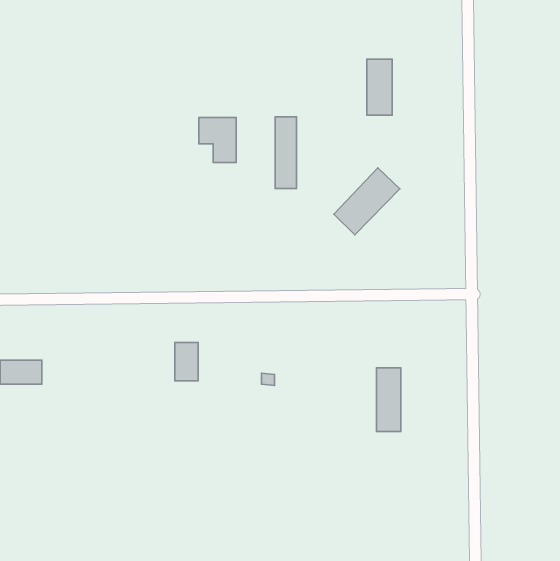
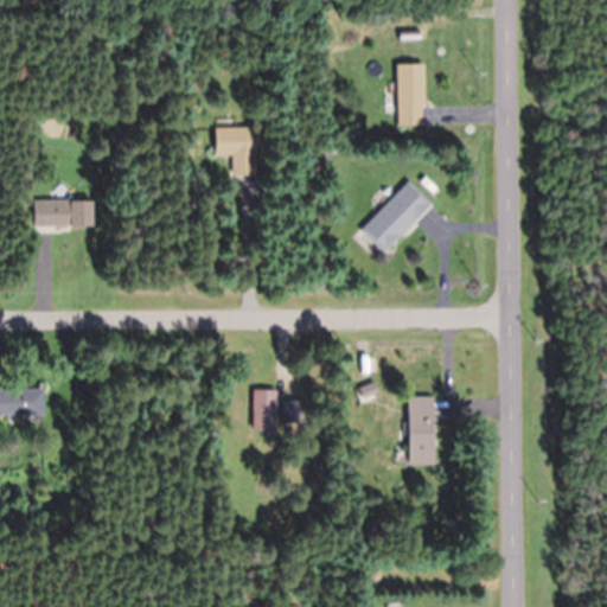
building: [275,117,296,189] -> none
building: none -> [36,200,92,226]
building: [175,342,198,381] -> [253,391,277,433]

